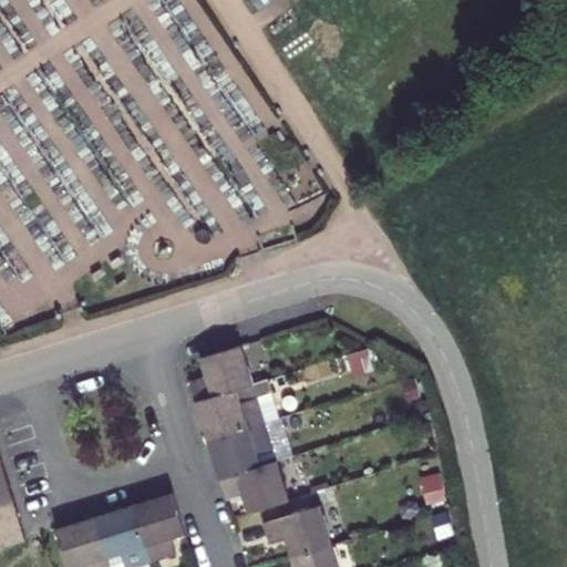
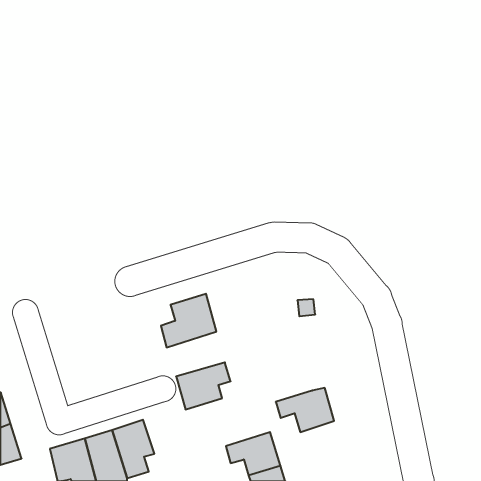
building: [196,384,274,443] -> none
building: [218,465,287,517] -> [276,388,334,432]

